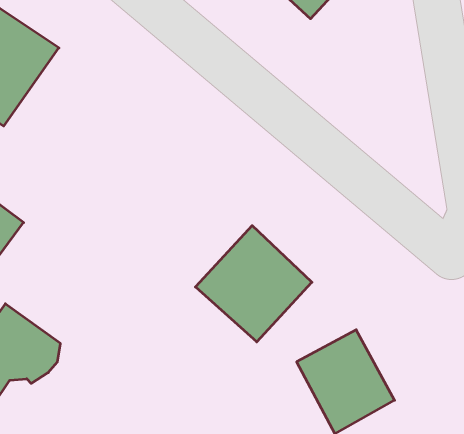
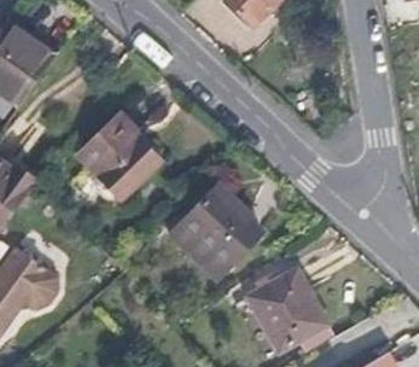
building: none -> [83,112,165,199]

